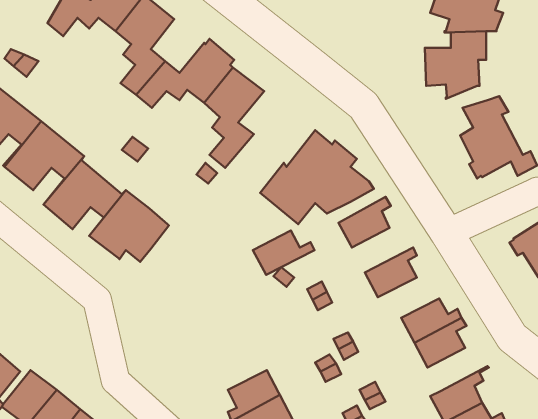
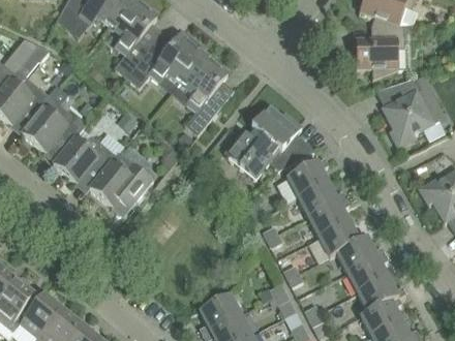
building: [253,231,314,275] -> [298,182,346,217]
building: none -> [318,221,367,257]
building: none -> [358,277,405,311]

